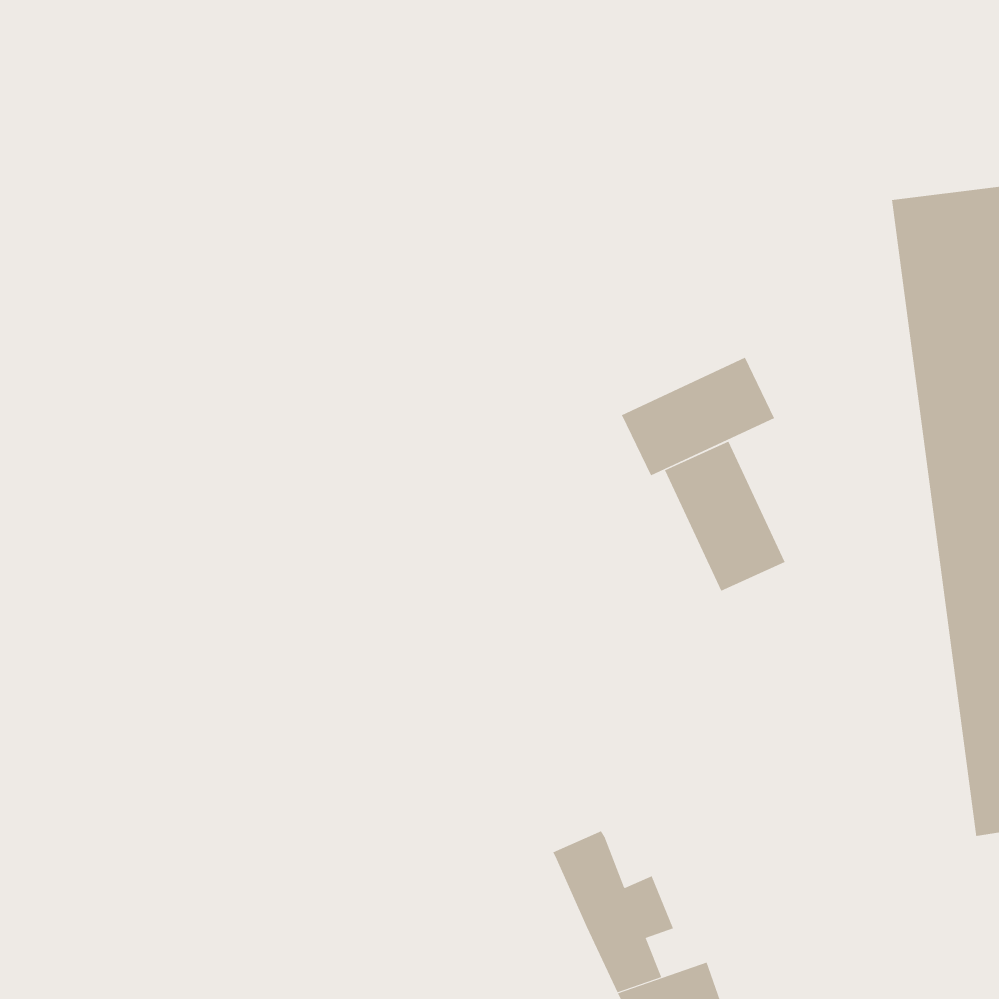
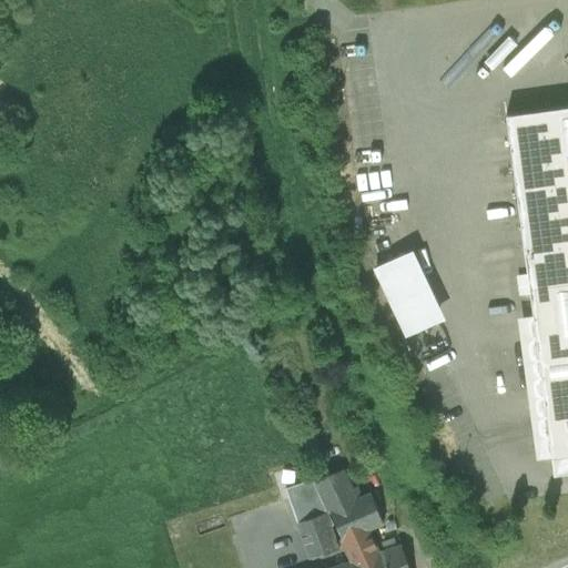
building: [621,357,775,476] -> none
building: none -> [295,486,337,561]

